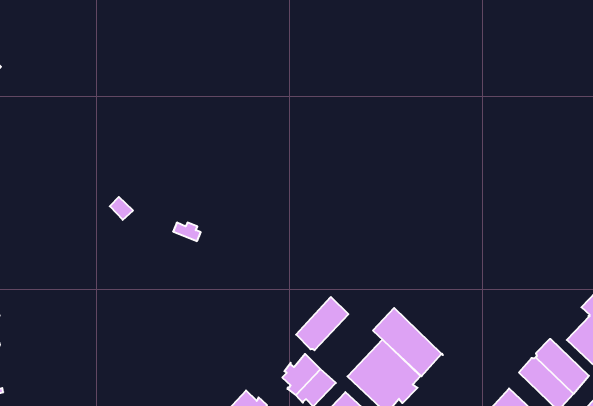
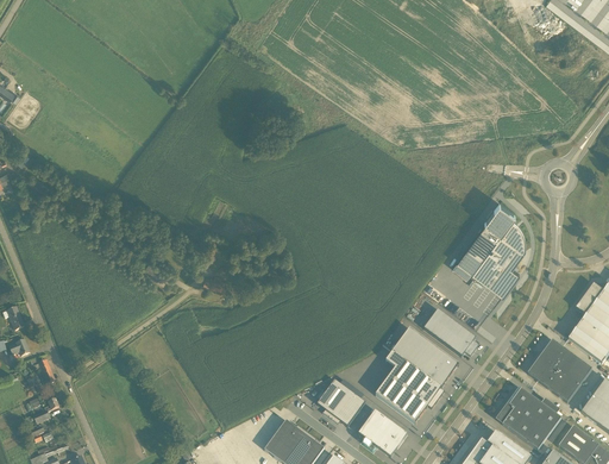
building: none -> [457,203,525,295]
building: none -> [423,311,477,358]
building: [296,297,348,350] -> none

